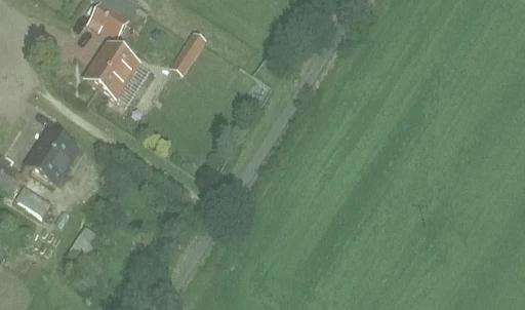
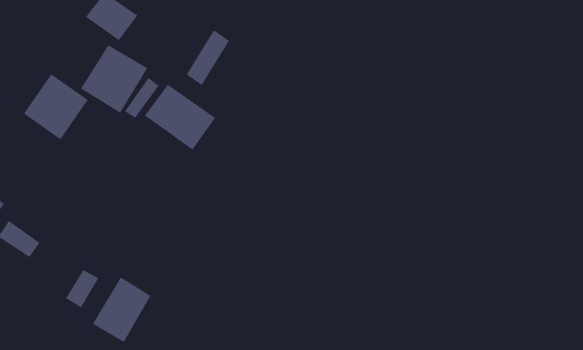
building: none -> [144,84,216,151]
building: [25,127,78,182] -> [23,73,89,140]
building: none -> [92,276,151,343]

